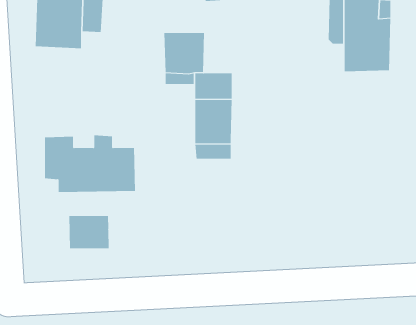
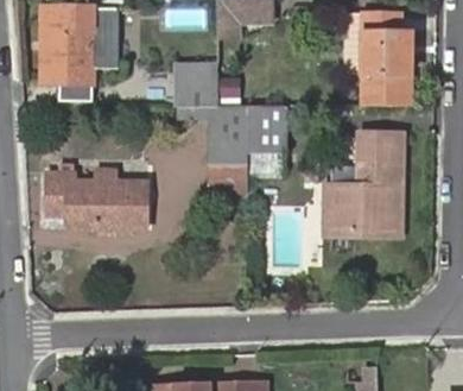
building: none -> [245,105,283,175]
building: none -> [328,133,395,232]
building: [69,215,109,249] -> none

